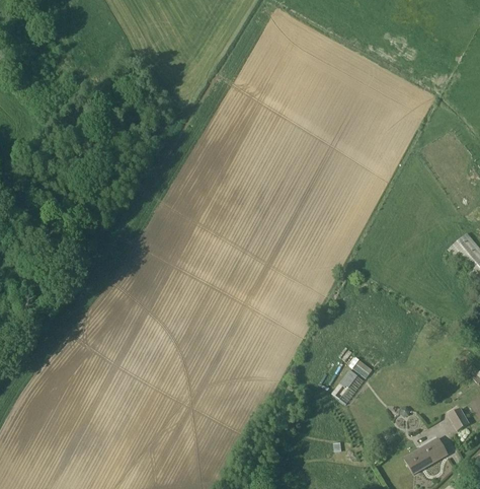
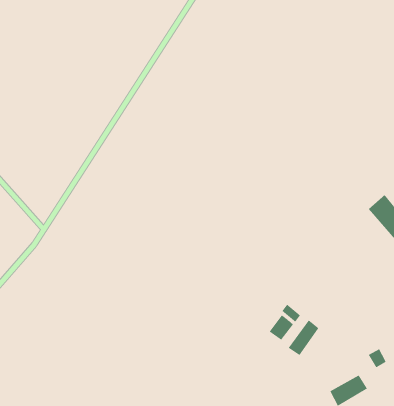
building: none -> [288,320,320,356]

